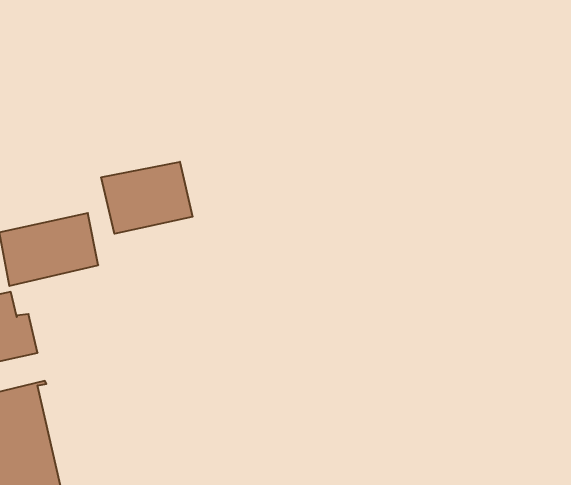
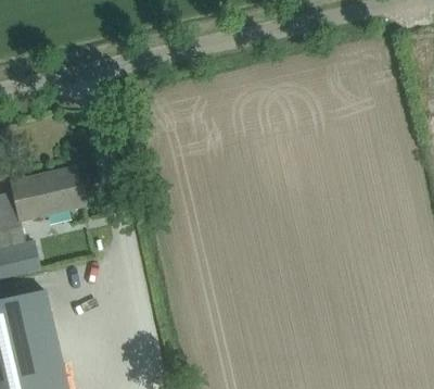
building: [101,162,193,234] -> none

